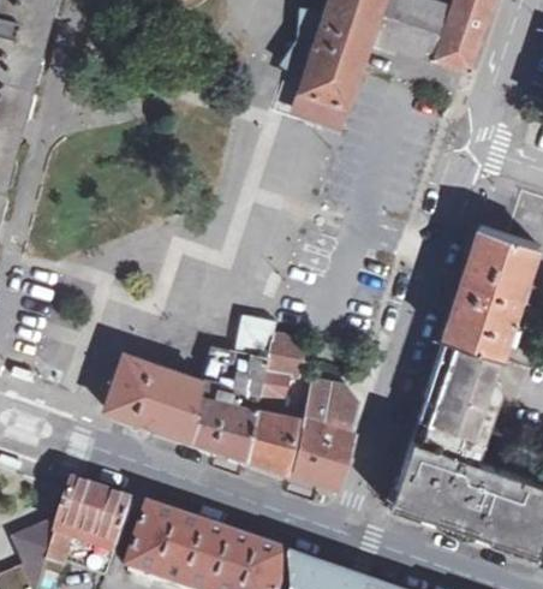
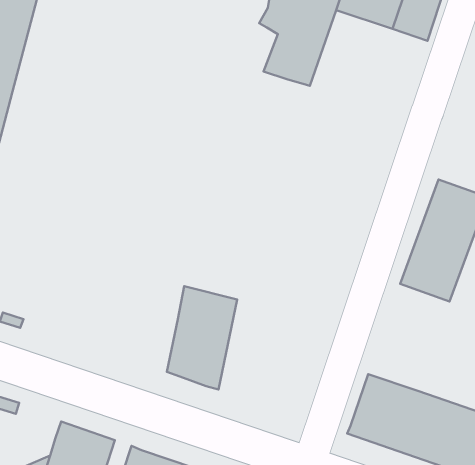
building: [245,333,297,468] -> none
building: [408,338,497,454] -> none
building: [103,350,201,434] -> none
building: [291,377,352,483] -> none

